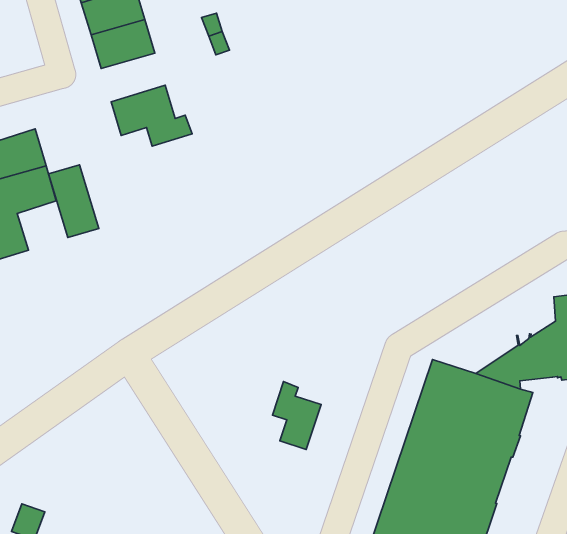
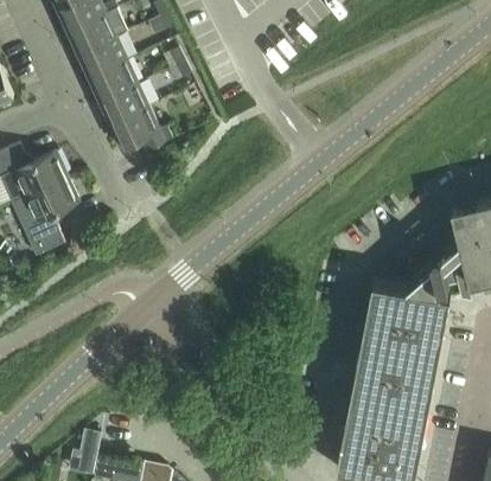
building: none -> [101,84,149,124]
building: [49,165,99,238] -> none
building: [273,382,321,449] -> none

